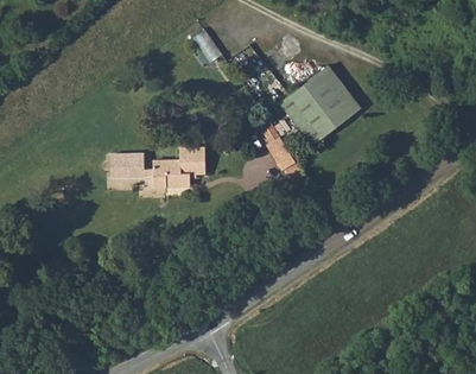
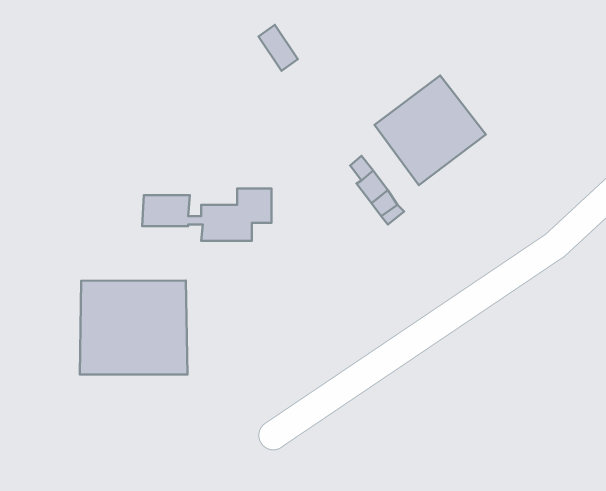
building: none -> [80,280,188,375]

